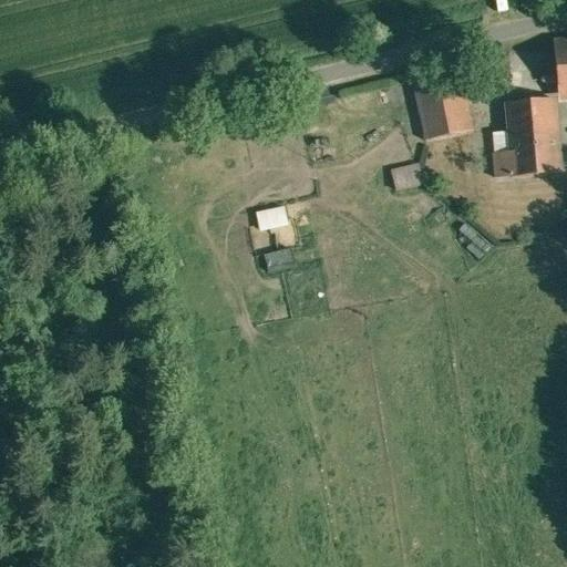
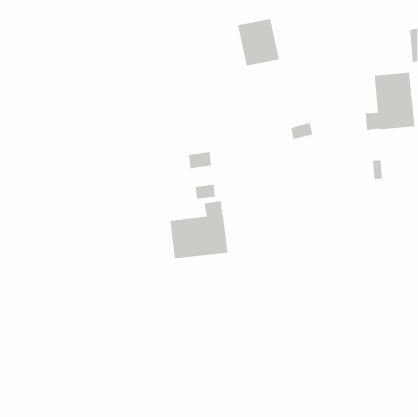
building: [415,74,473,140] -> [237,18,280,66]
building: none -> [169,201,229,259]

